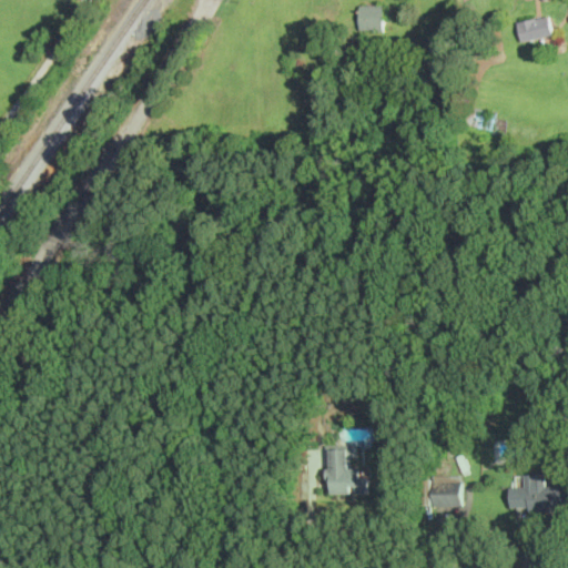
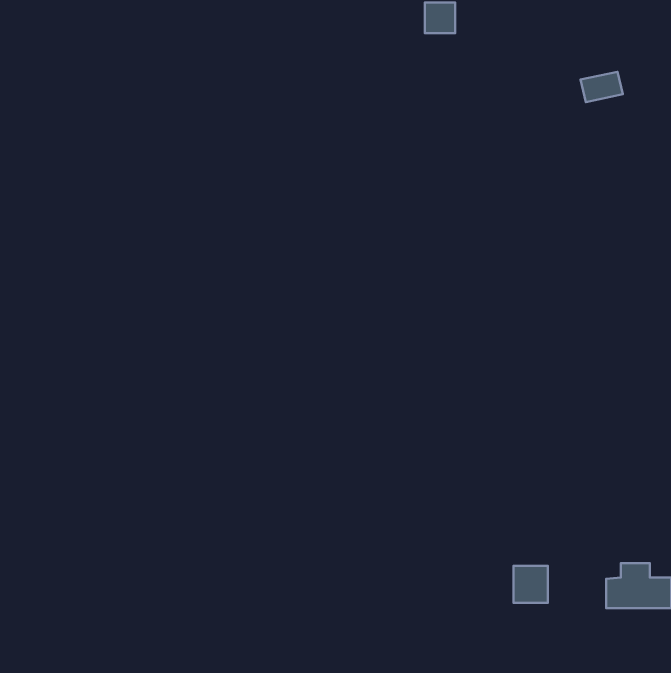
building: [515,17,550,42] -> [581,72,623,102]
building: [326,449,366,496] -> none

